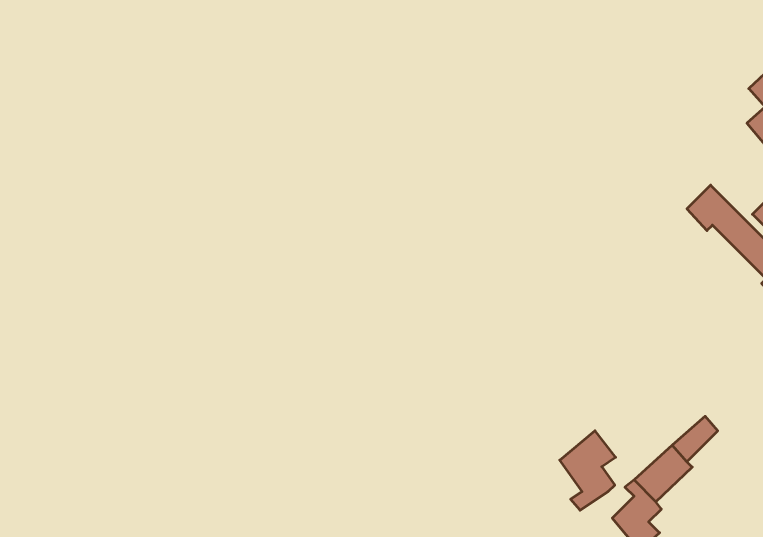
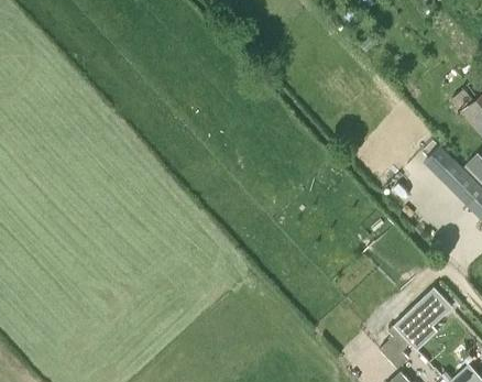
building: [560,431,616,510] -> none

